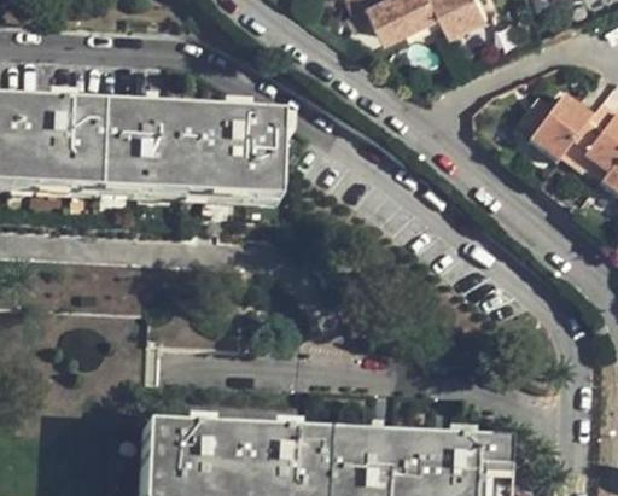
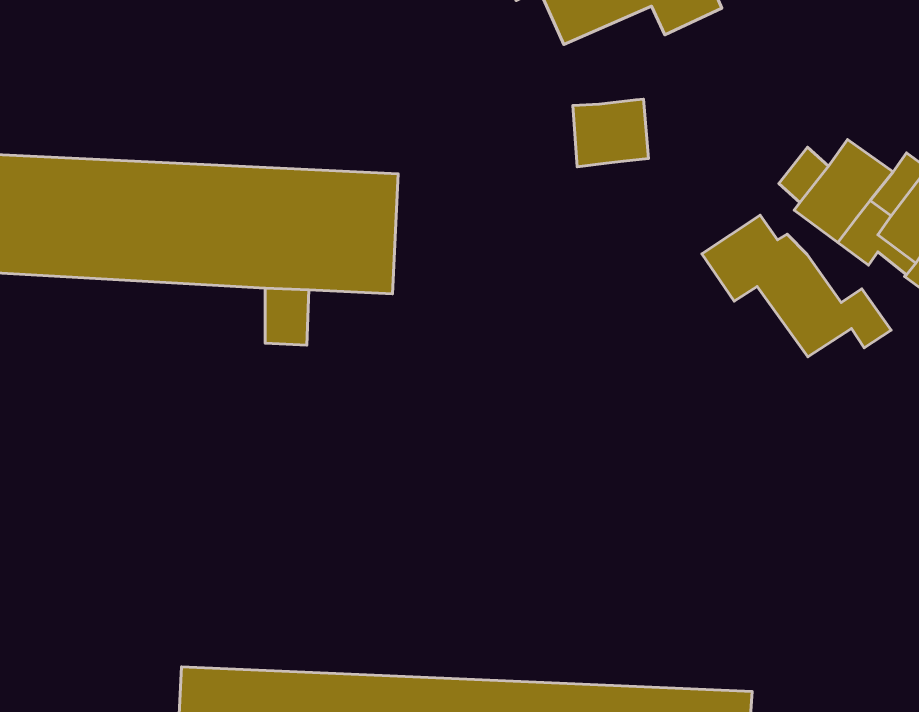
building: none -> [573,99,649,167]
building: none -> [702,215,891,357]

